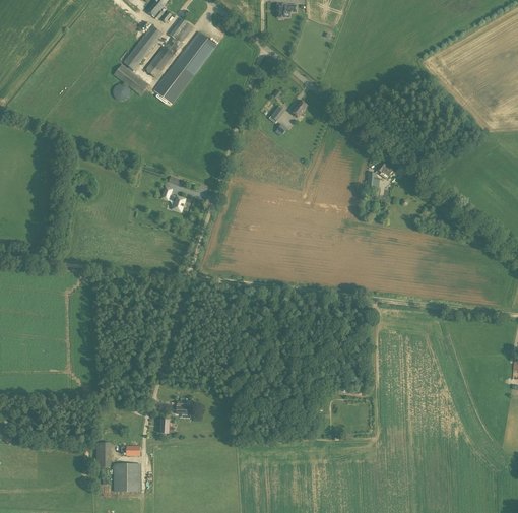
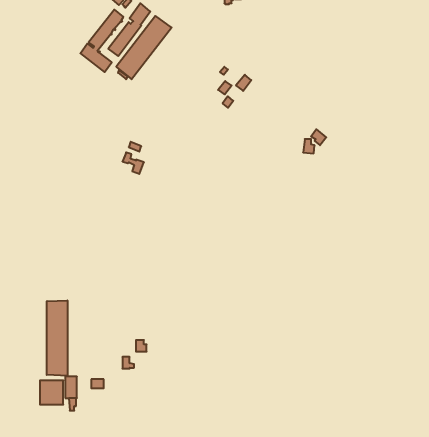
building: none -> [47,300,67,376]
building: [114,463,140,491] -> [40,380,63,405]

